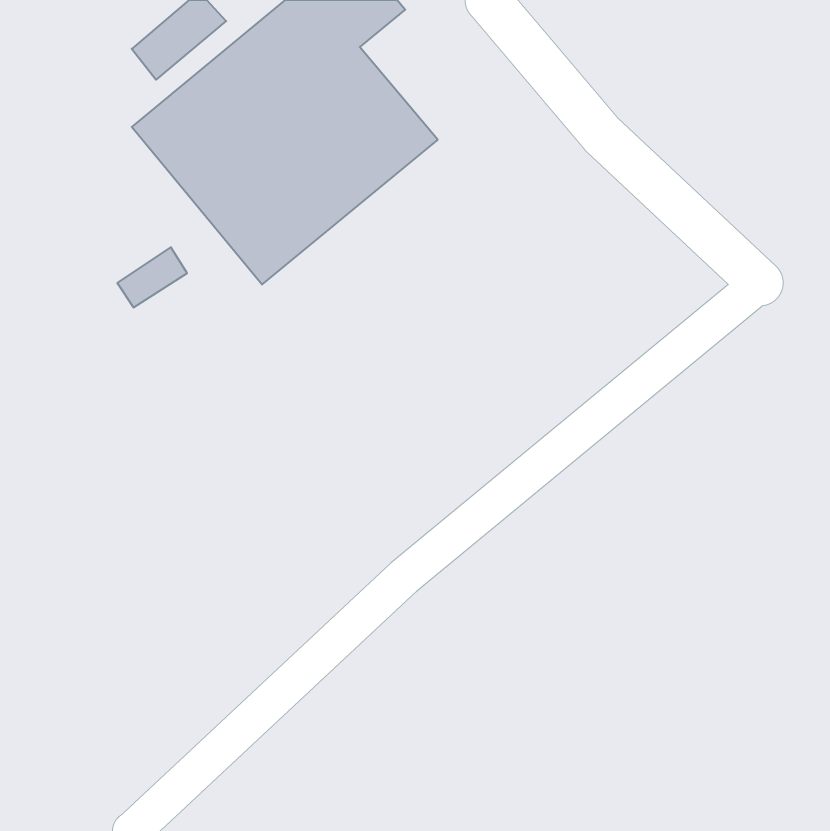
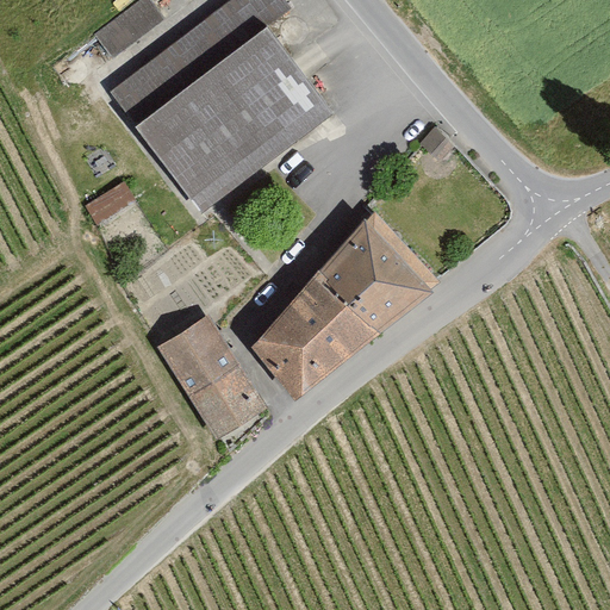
building: none -> [259,218,435,394]
building: none -> [166,323,262,435]

